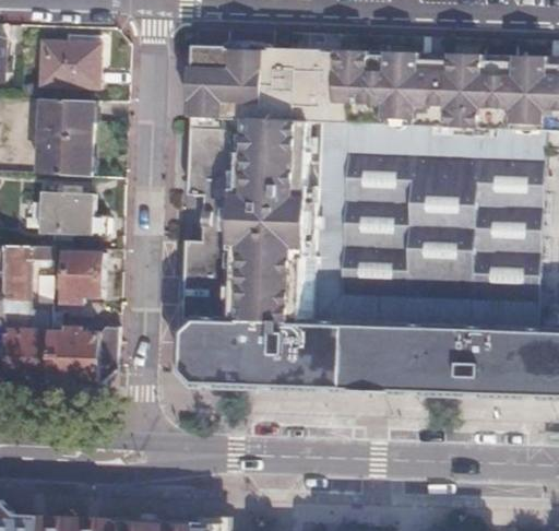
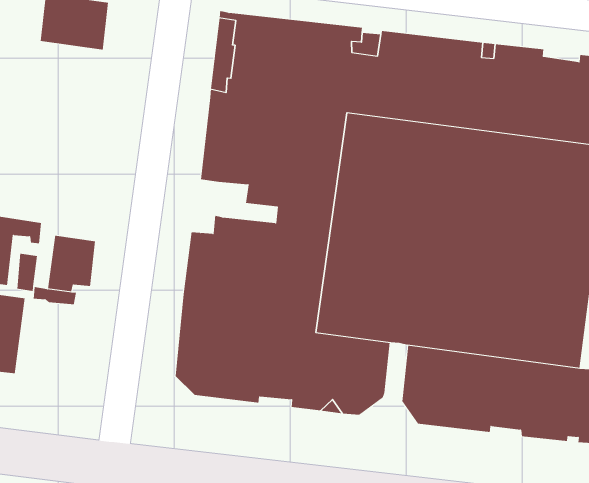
building: [36,95,92,176] -> none
building: [41,192,106,233] -> none
building: [205,194,260,226] -> none
building: [348,323,400,393] -> none
building: [48,326,120,381] -> none

